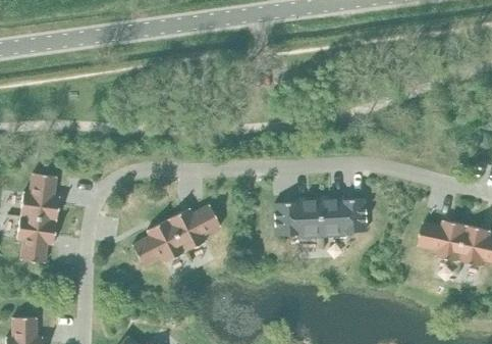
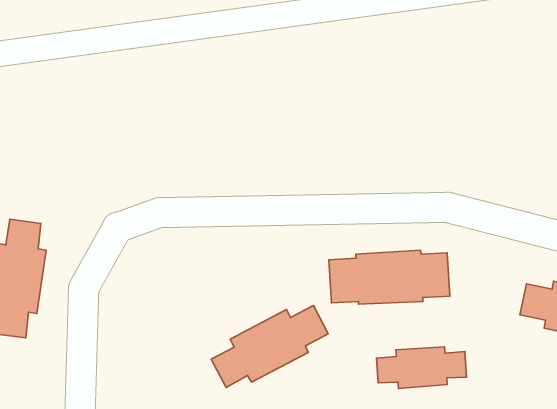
building: [132,205,221,267] -> [211,305,328,388]
building: none -> [377,347,466,388]

